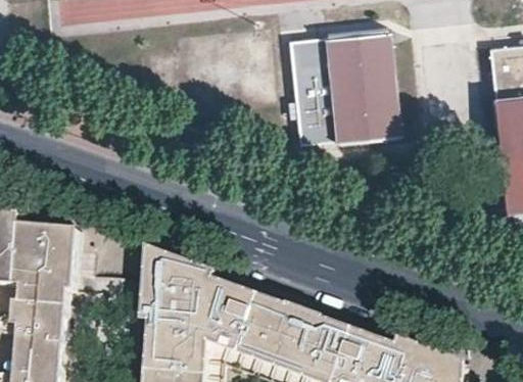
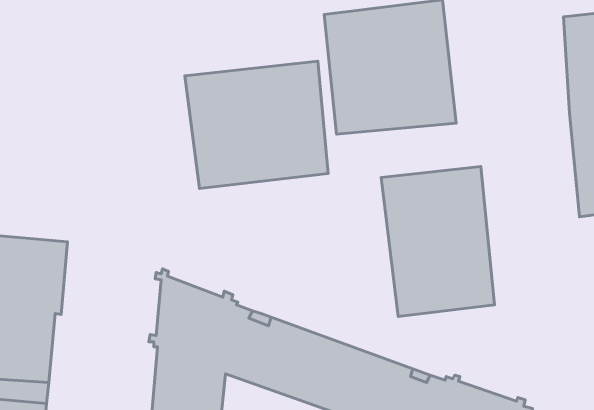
building: none -> [185,61,328,189]
building: none -> [381,167,495,317]

